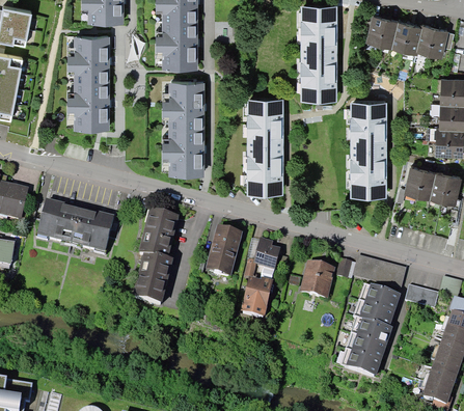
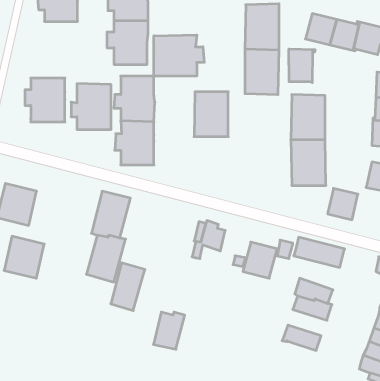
building: [66,35,109,84] -> [71,84,111,129]
building: none -> [154,35,204,76]
building: none -> [289,49,315,83]
building: [246,146,282,195] -> none
building: [403,167,435,200] -> [328,188,358,220]
building: [71,204,113,249] -> [4,236,44,278]
building: [206,223,242,274] -> [111,263,145,311]
building: [240,275,273,314] -> [153,312,185,349]
building: [358,281,400,309] -> none
building: [404,283,437,305] -> none
building: [346,330,387,358] -> none

